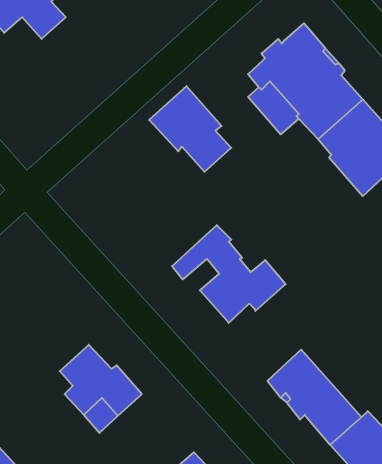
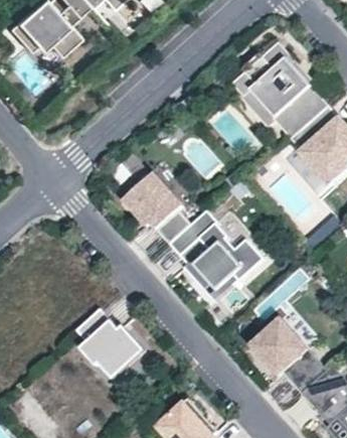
building: [149,86,231,172] -> [124,173,192,245]
building: none -> [176,239,238,302]

